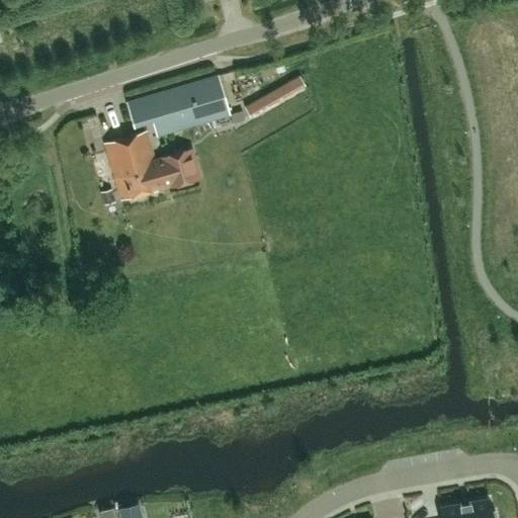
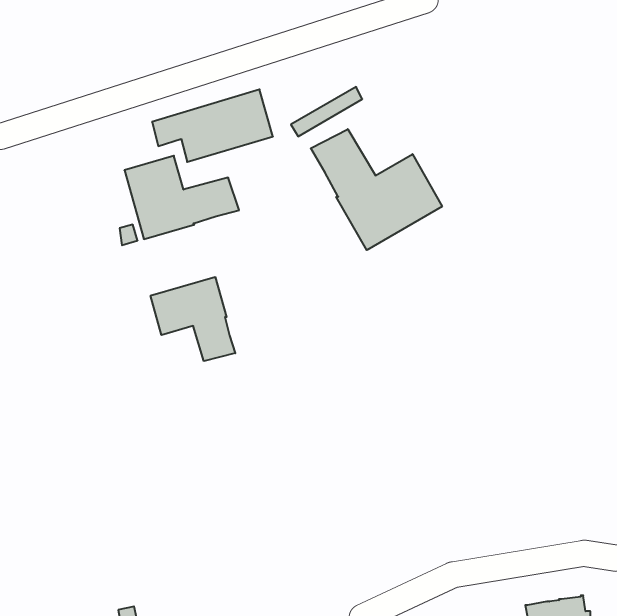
building: none -> [311,129,442,250]
building: none -> [151,277,235,361]

